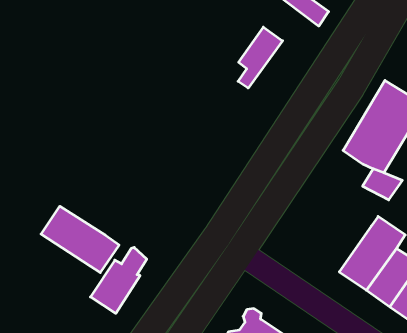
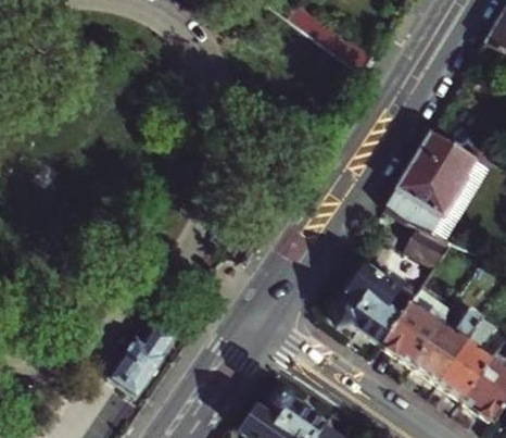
building: [238,27,283,88] -> none
building: none -> [337,271,419,346]
building: [41,206,119,273] -> none

